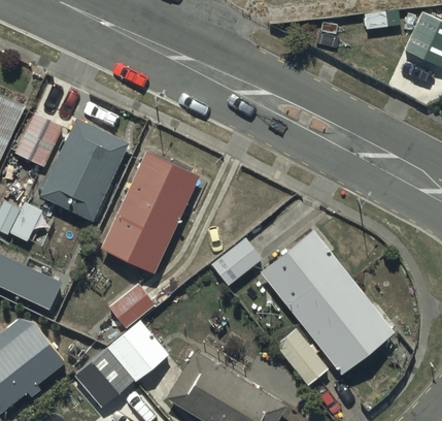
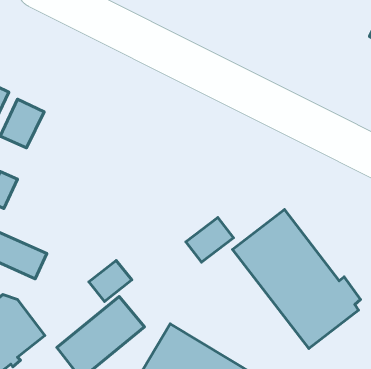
building: [39,121,127,221] -> none
building: [100,153,197,274] -> none
building: [274,326,329,386] -> none

